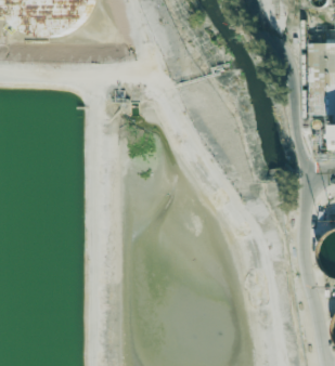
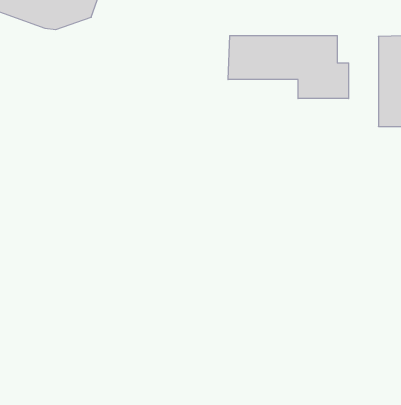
building: none -> [228,36,349,99]

